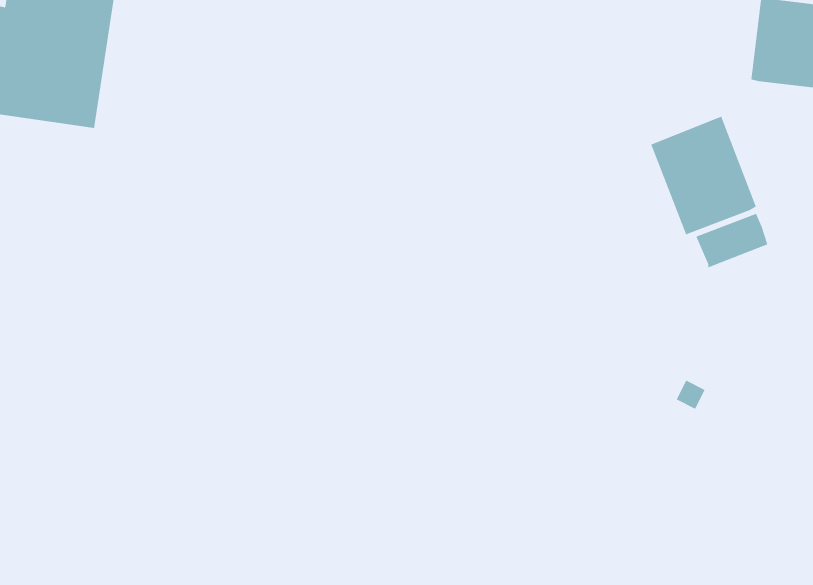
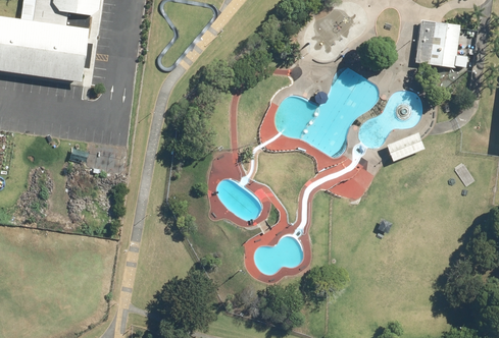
building: [651,116,757,235] -> none

